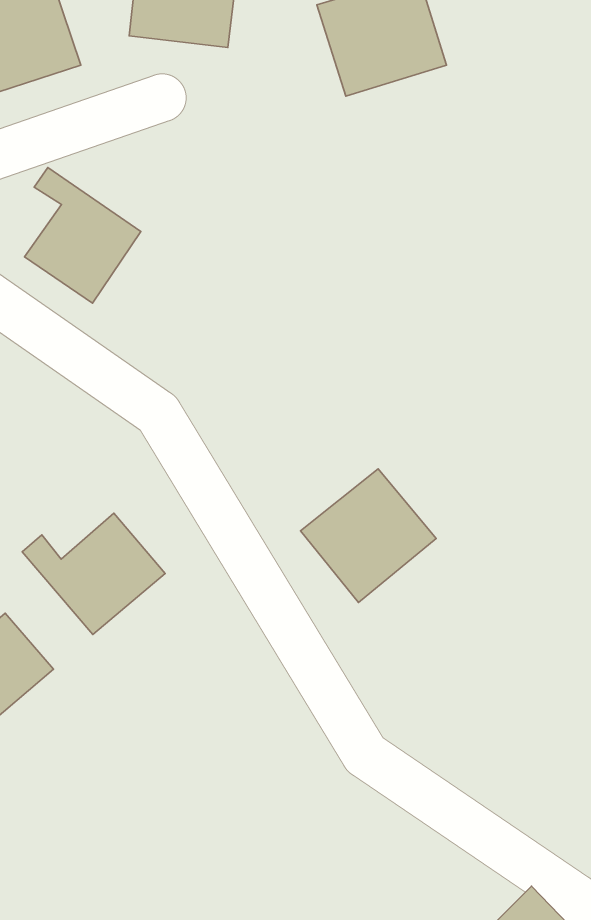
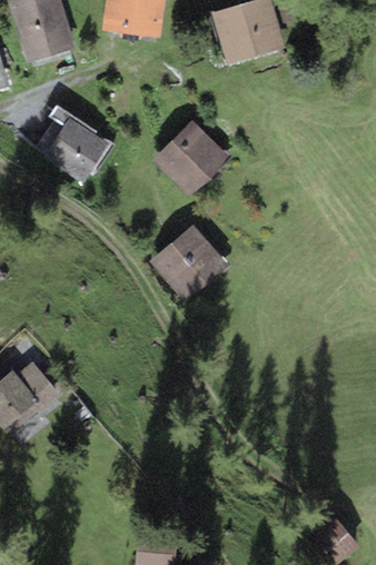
building: none -> [152,120,227,195]
building: [301,469,436,602] -> [149,225,227,301]
building: [22,513,165,635] -> none

